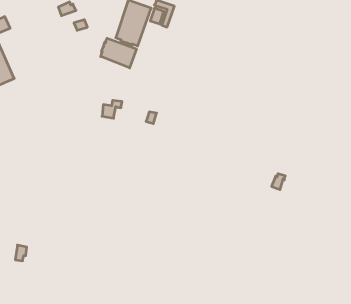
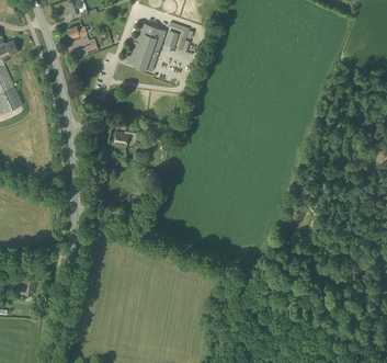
building: [101,38,136,68] -> none

